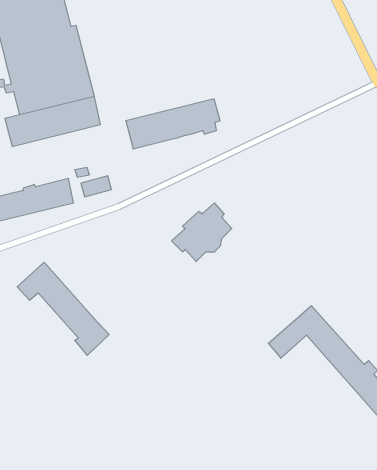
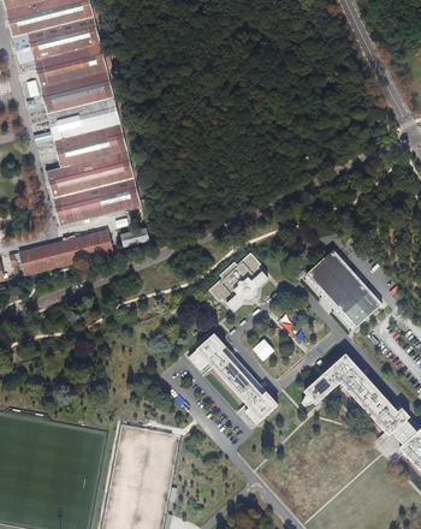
building: [126,99,220,149] -> [52,176,144,225]
building: none -> [307,250,378,323]
building: [17,262,109,355] -> [188,333,278,424]

